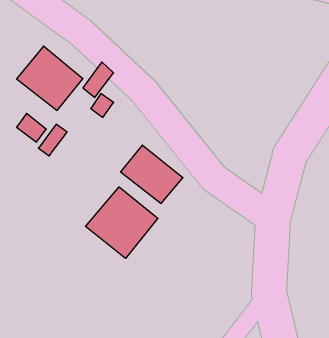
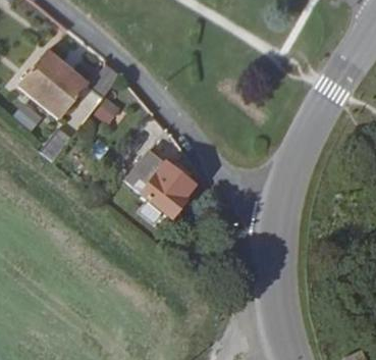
building: [86,187,158,258] -> none

